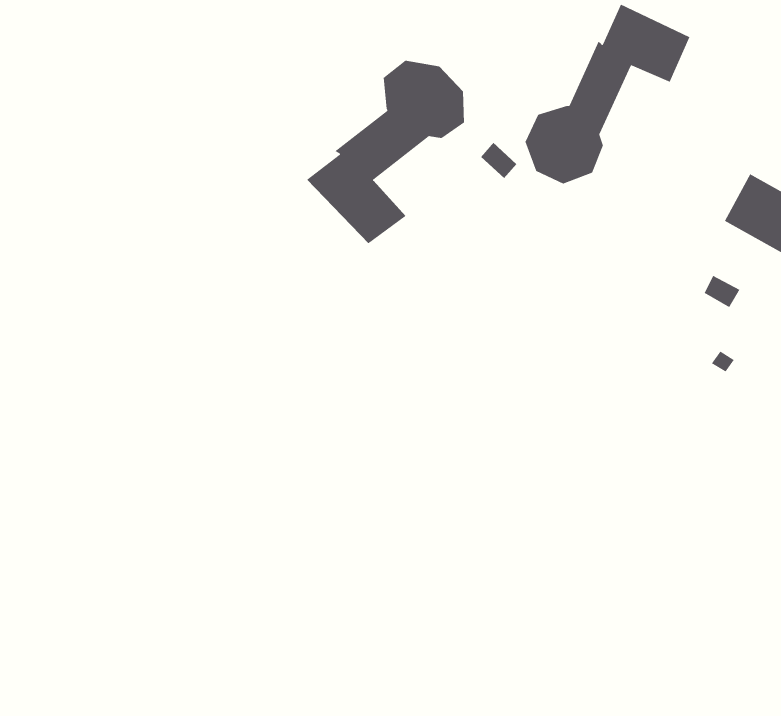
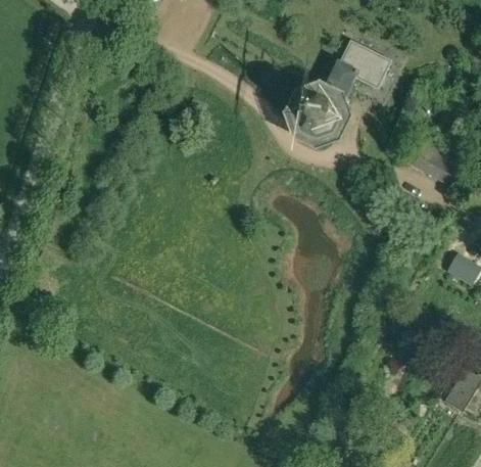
building: [306,60,465,244] -> none

